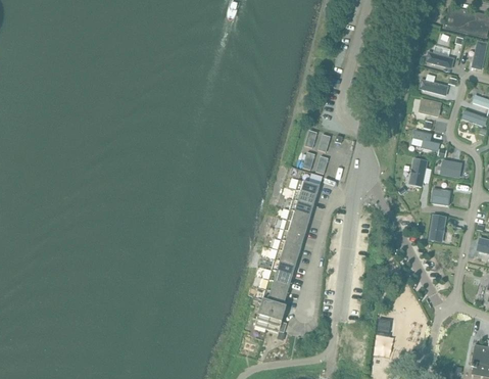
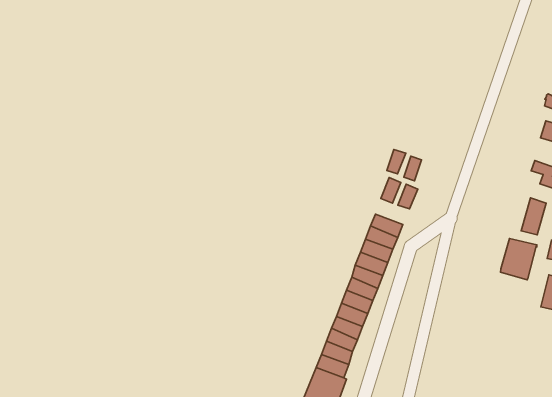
building: none -> [501,238,537,280]

